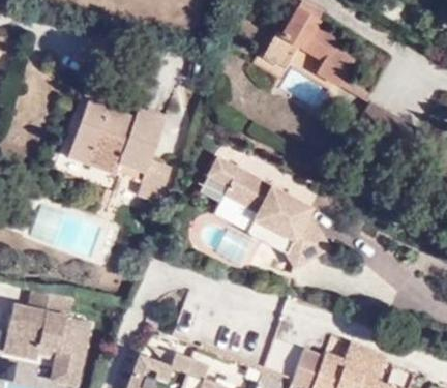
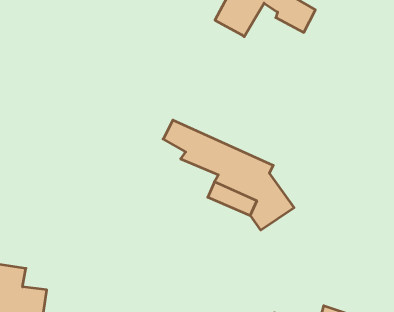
building: [74,100,176,205] -> none

